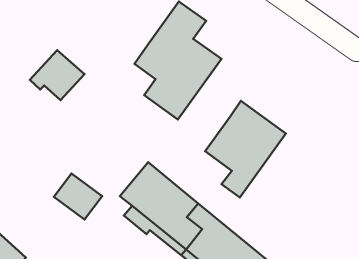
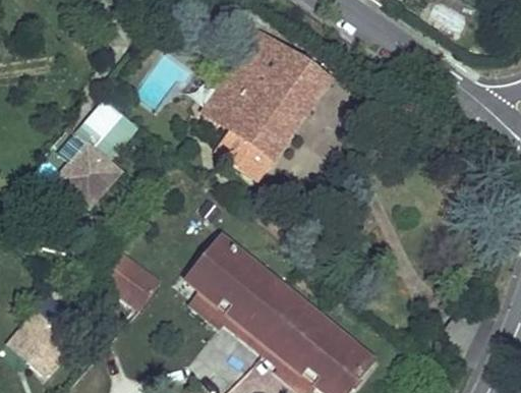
building: none -> [278,57,330,105]
building: none -> [53,138,127,213]
building: [205,101,286,198] -> none

